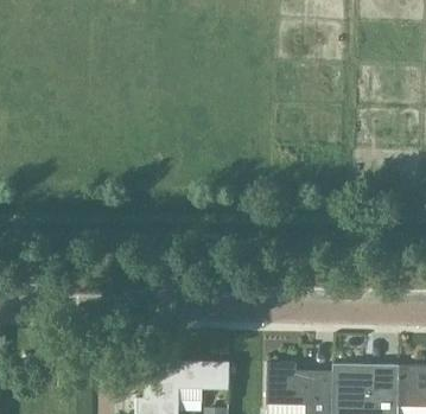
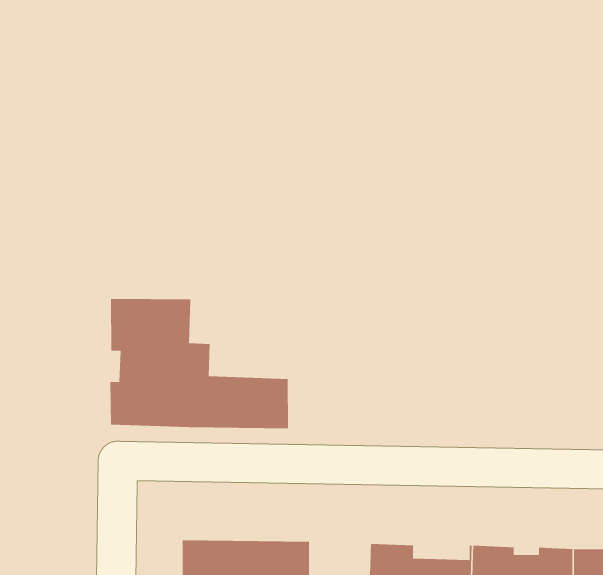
building: none -> [109,298,289,429]

